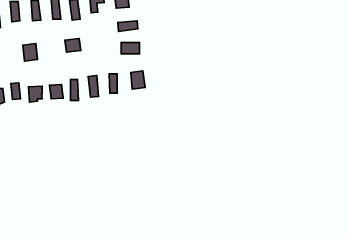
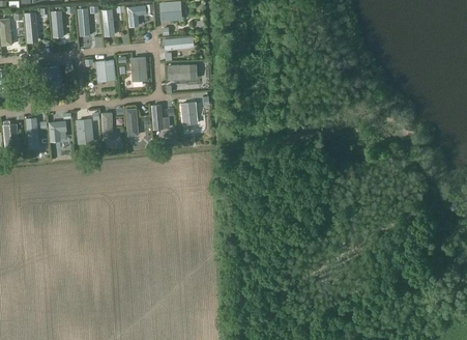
building: none -> [130,56,148,82]

